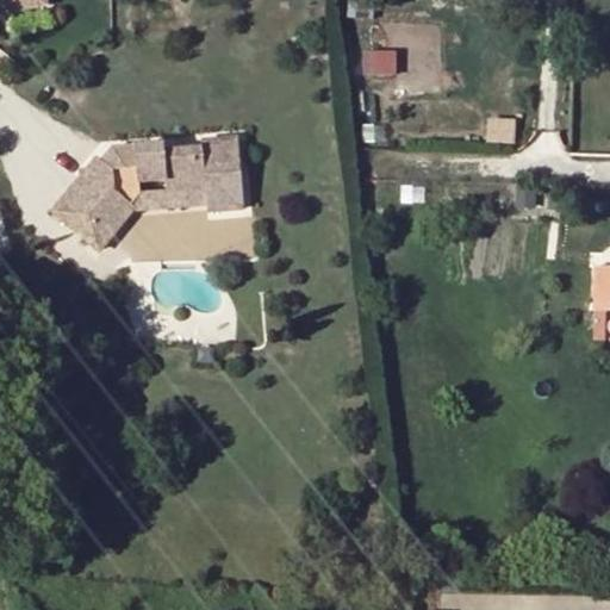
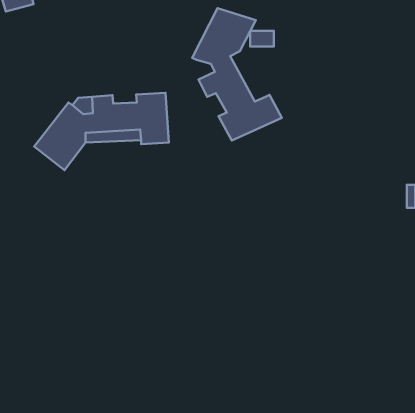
building: none -> [192,8,282,140]

